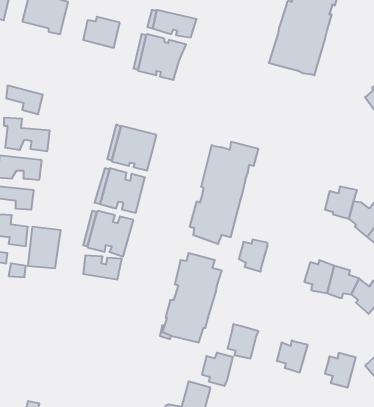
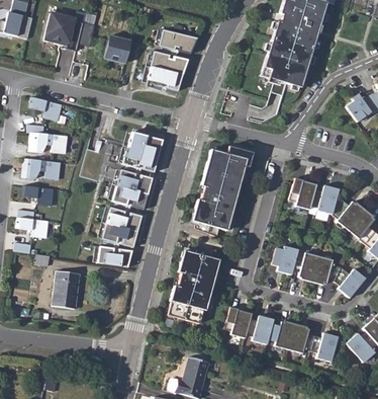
building: none -> [290,177,317,209]
building: [28,227,61,268] -> [53,271,82,308]
building: [239,239,268,272] -> [273,246,298,274]
building: none -> [289,325,315,352]
building: [202,353,233,386] -> [247,315,274,344]

